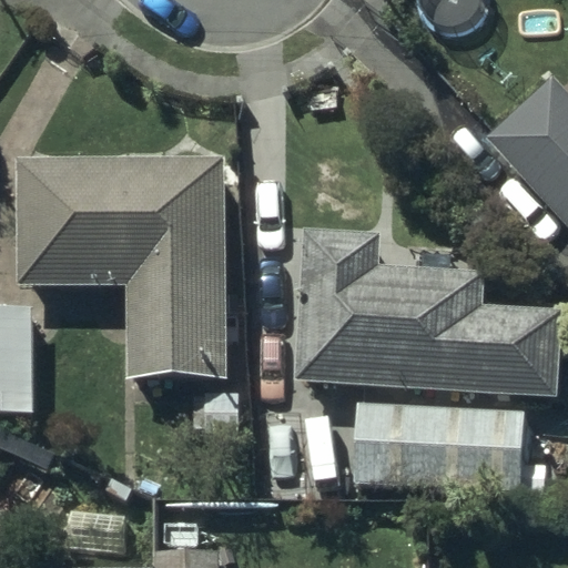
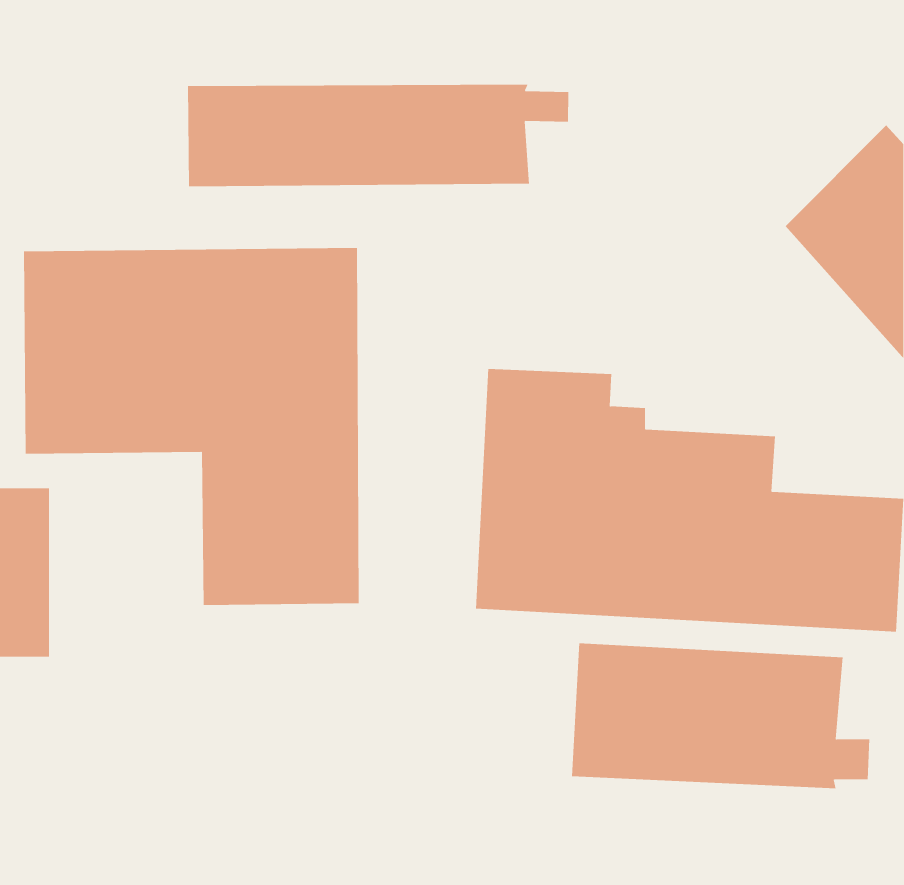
building: none -> [187,84,569,187]

